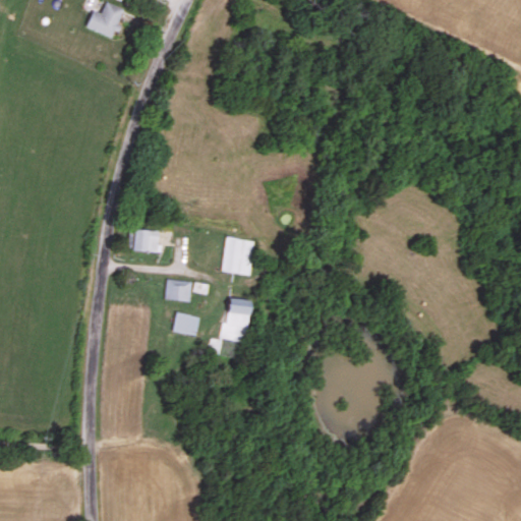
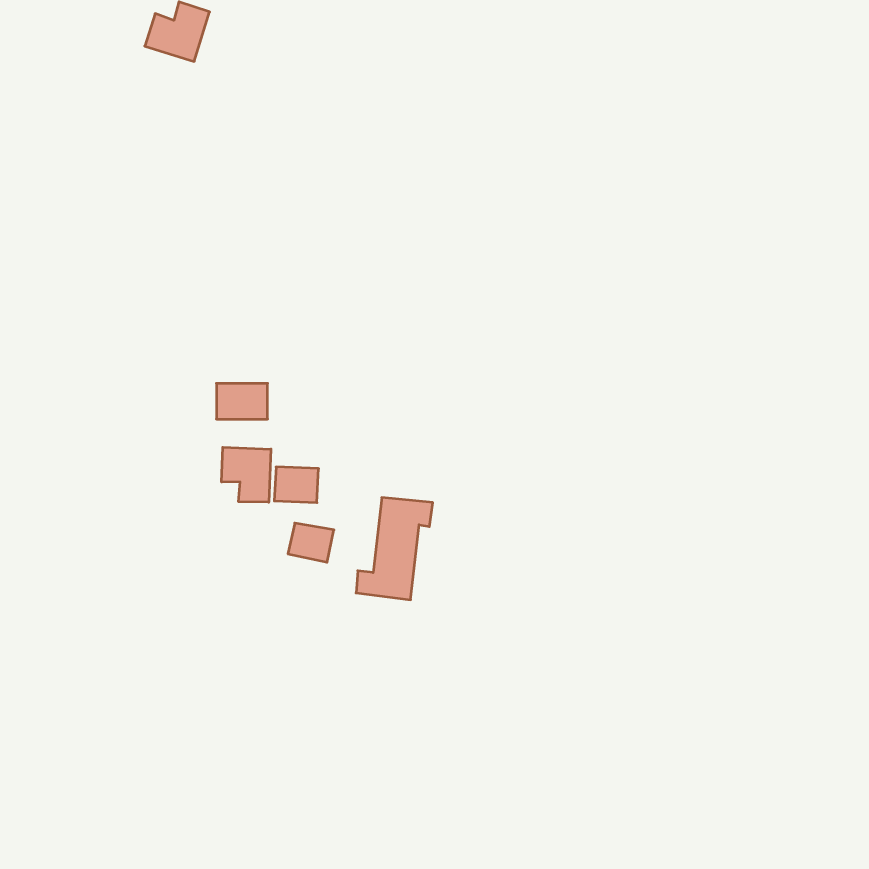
building: [221,238,254,276] -> none
building: none -> [222,447,271,502]

